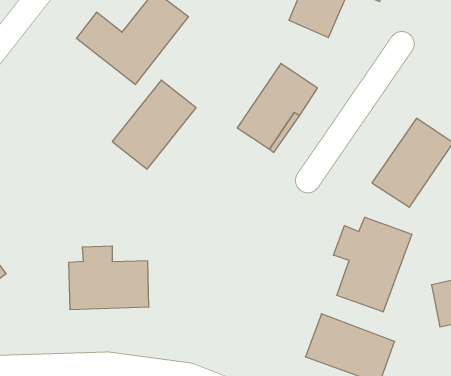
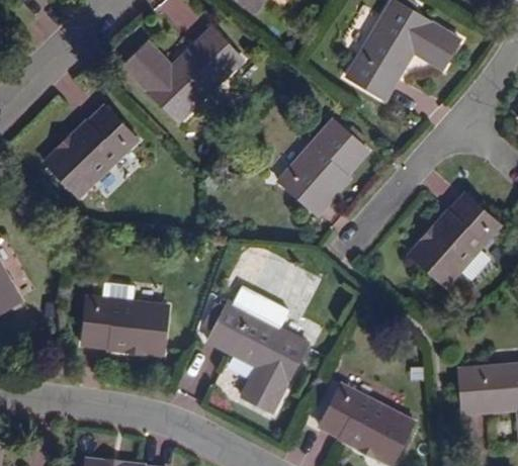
building: [112,80,196,169] -> [46,107,137,197]
building: [333,217,412,312] -> none
building: none -> [206,293,308,412]

